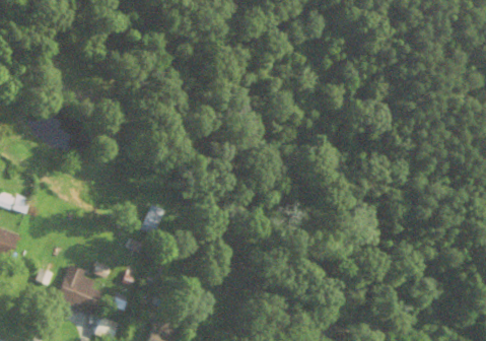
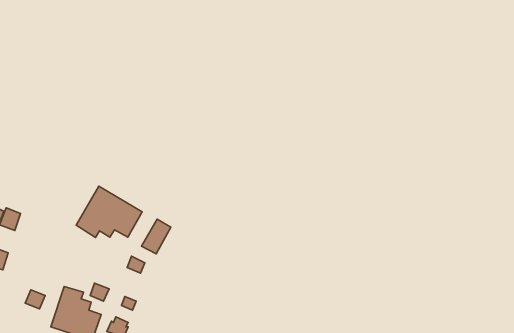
building: none -> [76,186,142,237]

